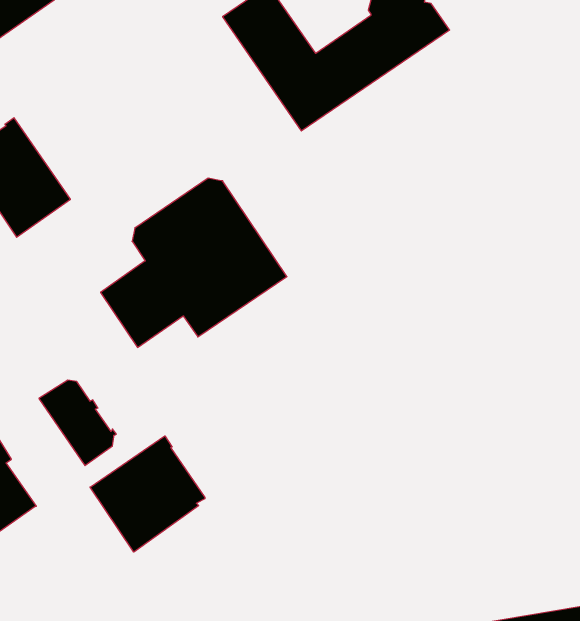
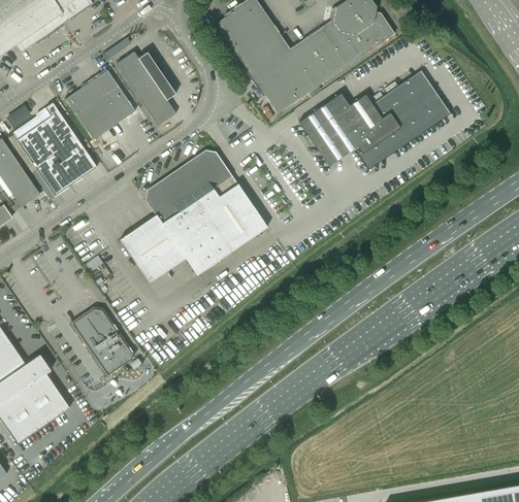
building: none -> [116,51,175,125]
building: none -> [64,69,135,139]
building: none -> [298,75,444,165]
building: [90,436,205,552] -> none

